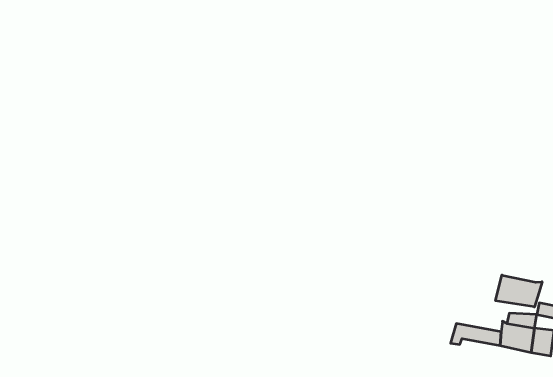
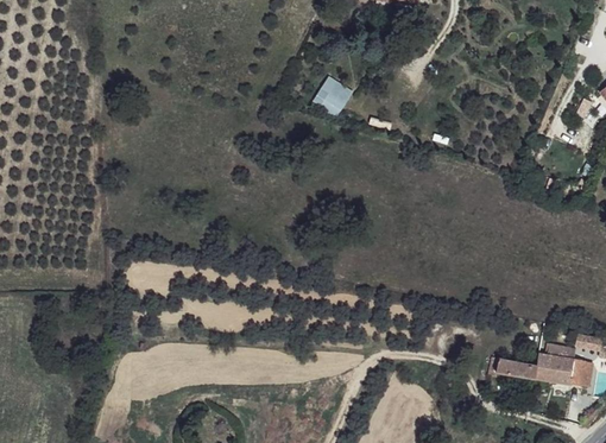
building: none -> [311,76,352,118]
building: [496,275,542,307] -> none

